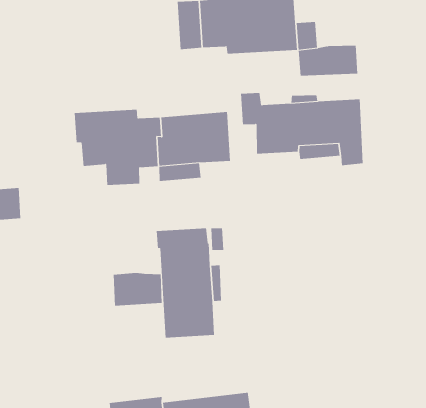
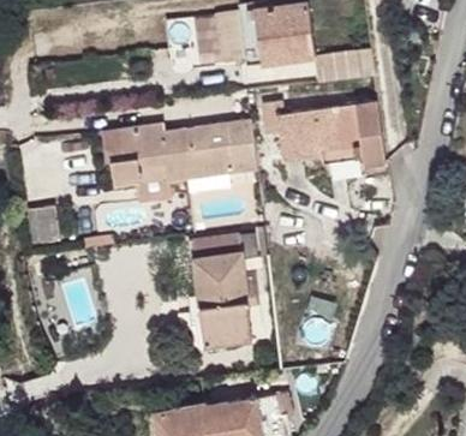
building: [113,272,162,307] -> none

